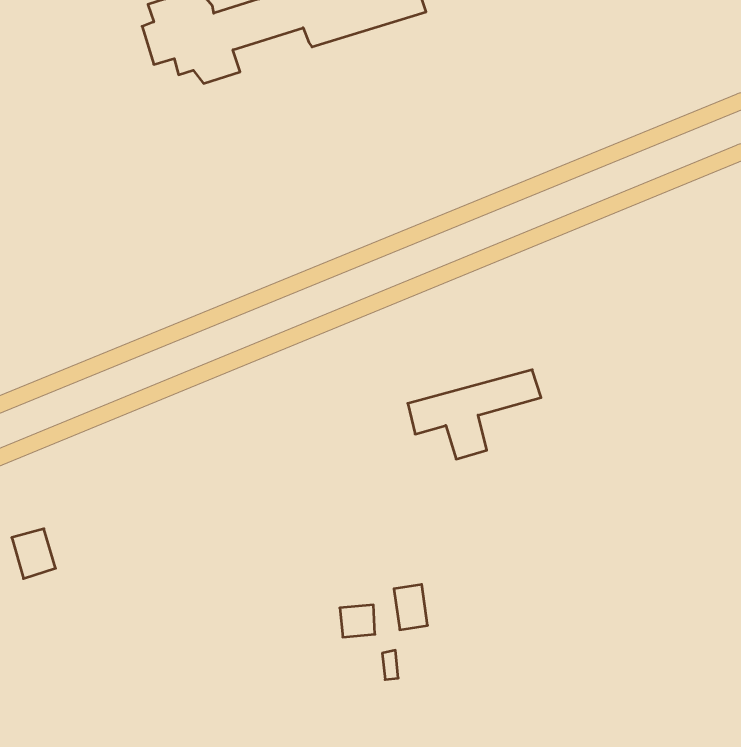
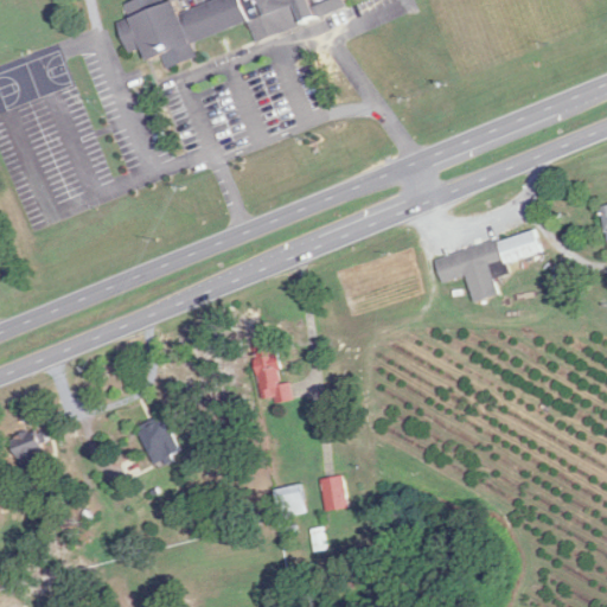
building: [408,370,541,459] -> [433,230,541,302]
building: none -> [250,341,286,402]
building: none -> [133,414,179,464]

